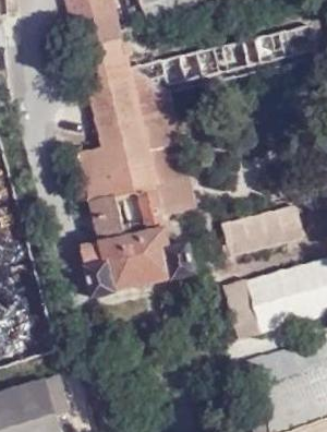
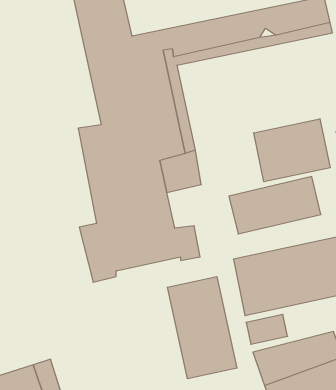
building: none -> [254,119,330,182]
building: none -> [167,277,237,379]

